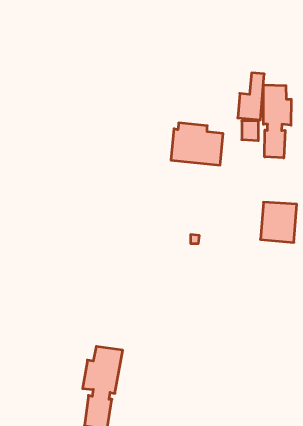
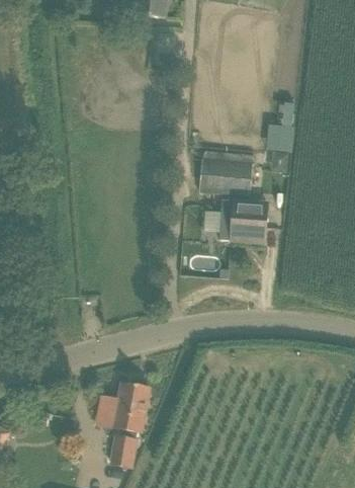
building: [263,85,291,158] -> none
building: [260,202,297,242] -> [230,200,267,242]

